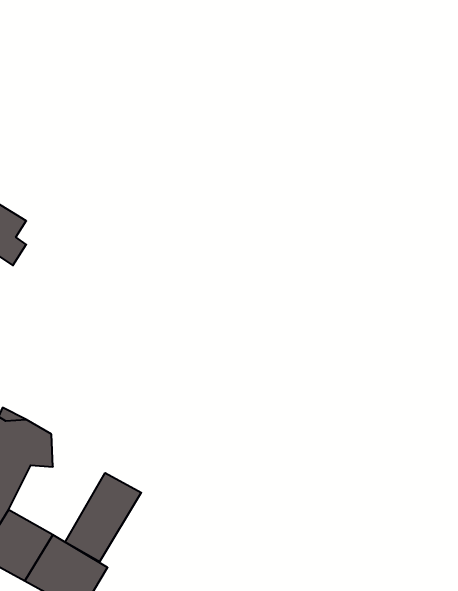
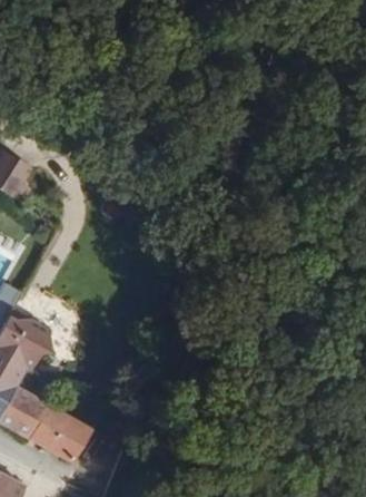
building: [65,473,141,562] -> none

